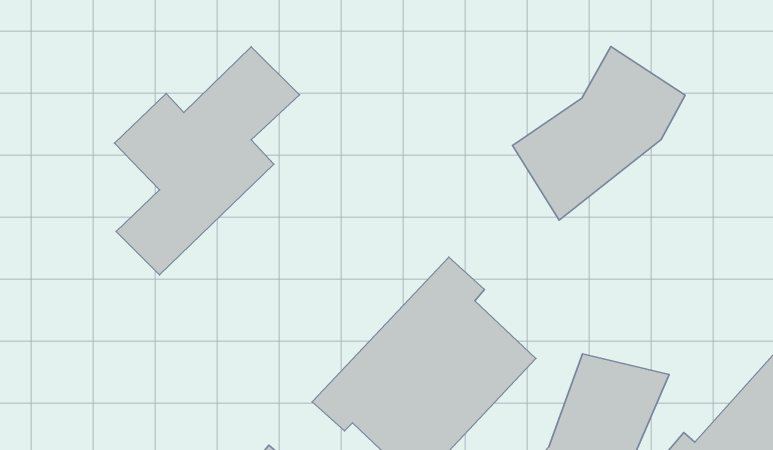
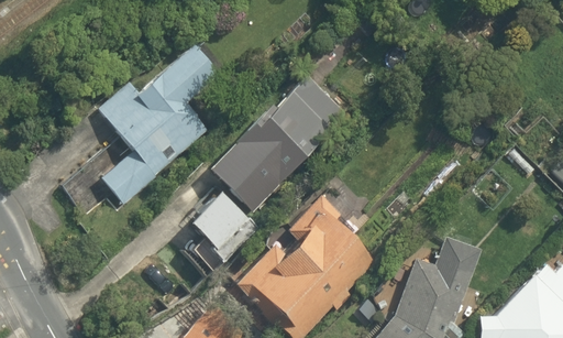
building: [512,47,685,220] -> none
building: none -> [190,66,356,249]

